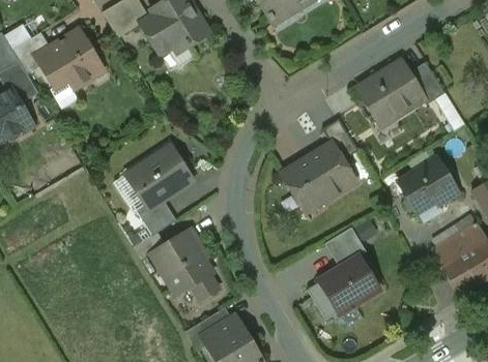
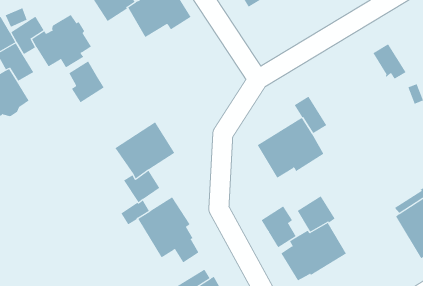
building: [358,62,423,115] -> none
building: none -> [68,61,104,103]
building: [398,157,458,211] -> none
building: none -> [261,205,296,248]

